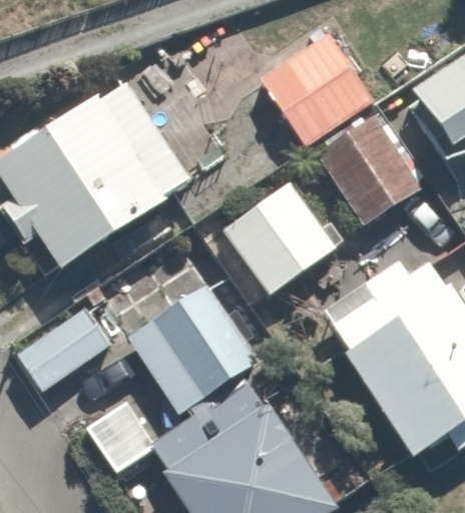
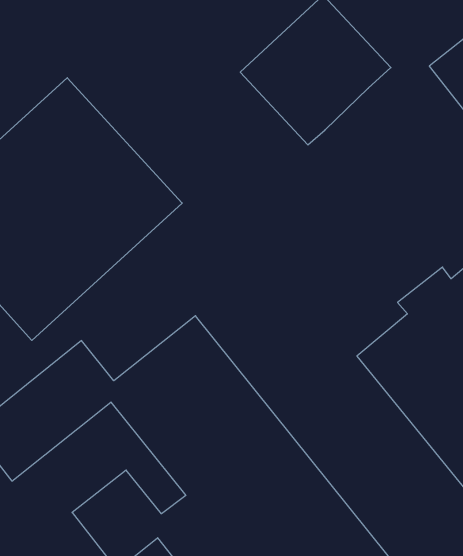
building: [287,106,421,229] -> none
building: [225,182,338,294] -> none

